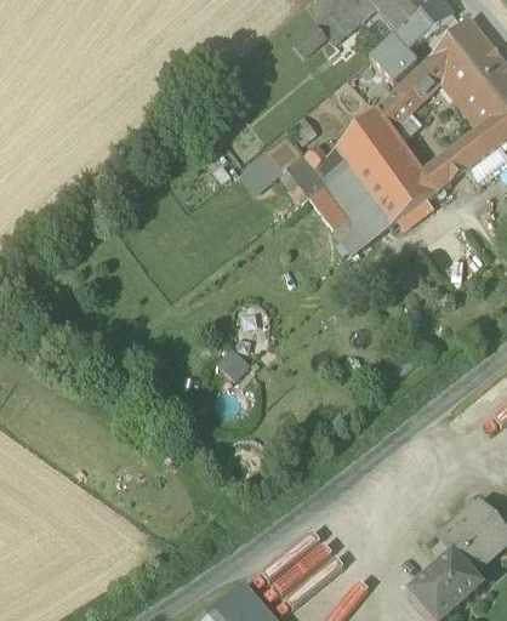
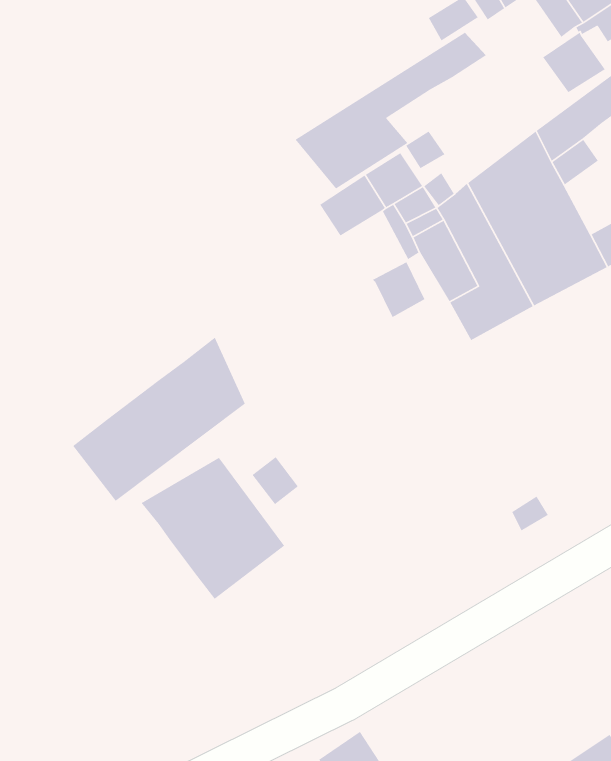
building: none -> [295,32,487,189]
building: none -> [372,261,426,318]
building: none -> [72,337,246,502]
building: none -> [141,457,285,600]

